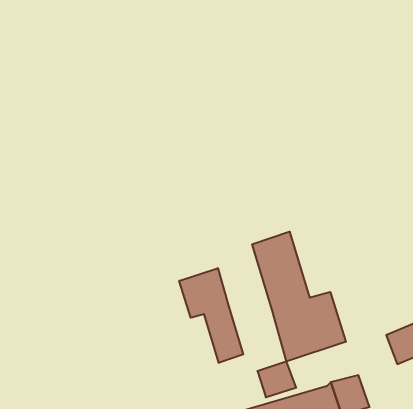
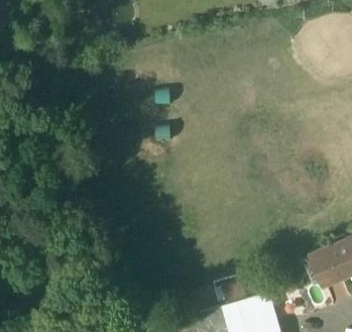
building: [252,232,346,361] -> none
building: [179,268,243,363] -> none

